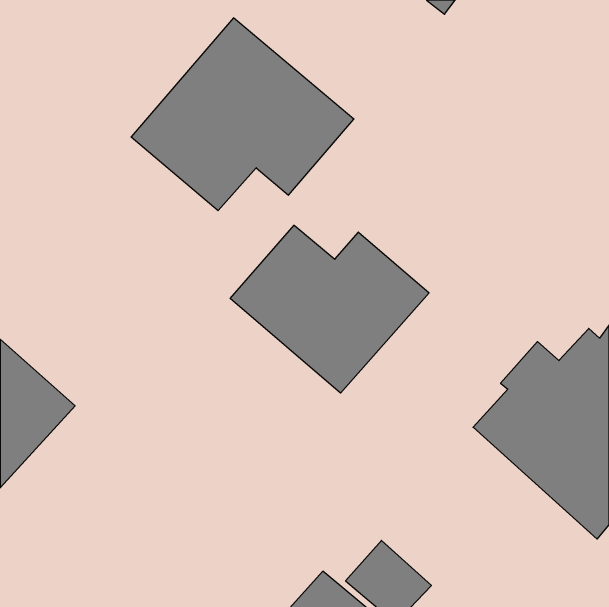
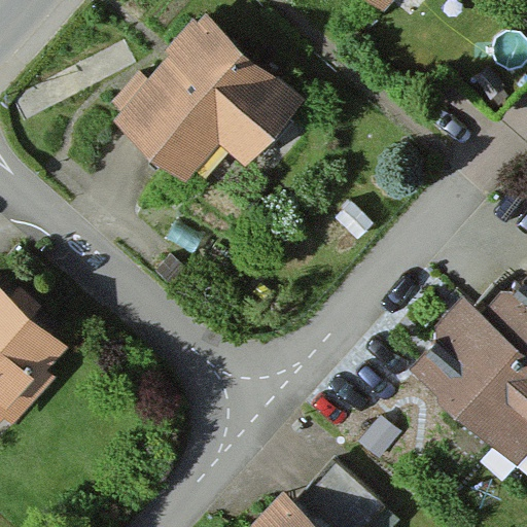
building: [230,225,429,393] -> none

